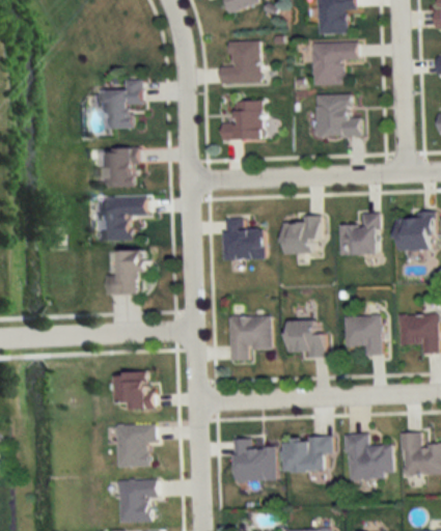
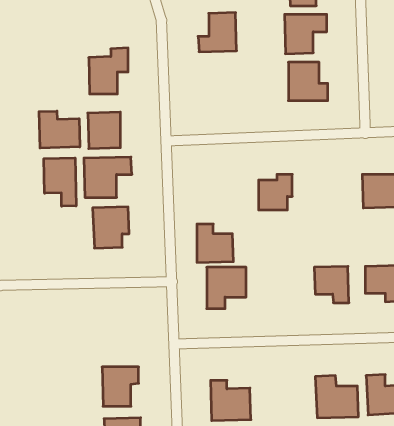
building: [221,101,263,140] -> none
building: none -> [39,111,80,148]
building: none -> [44,158,76,206]
building: [338,214,379,255] -> none
building: [225,219,265,260] -> [197,224,233,262]
building: [286,319,323,356] -> none
building: [114,372,153,409] -> none
building: [283,437,332,472] -> none

